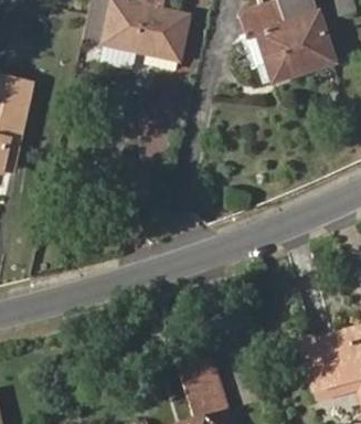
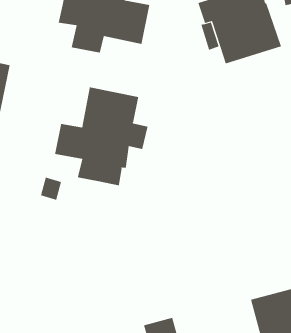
building: none -> [54,87,148,186]

